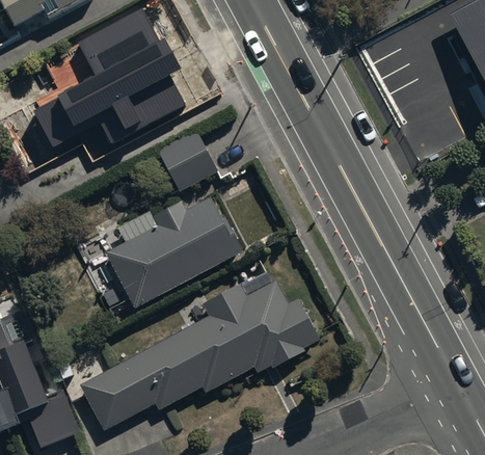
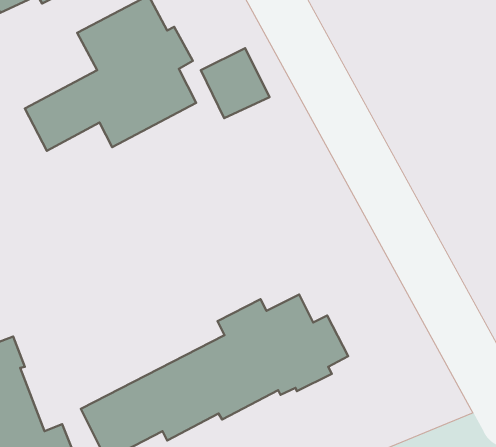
building: [155,130,216,192] -> [201,48,270,118]
building: [106,192,242,304] -> none

